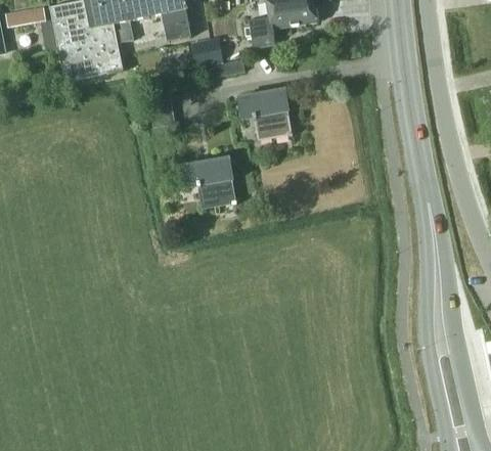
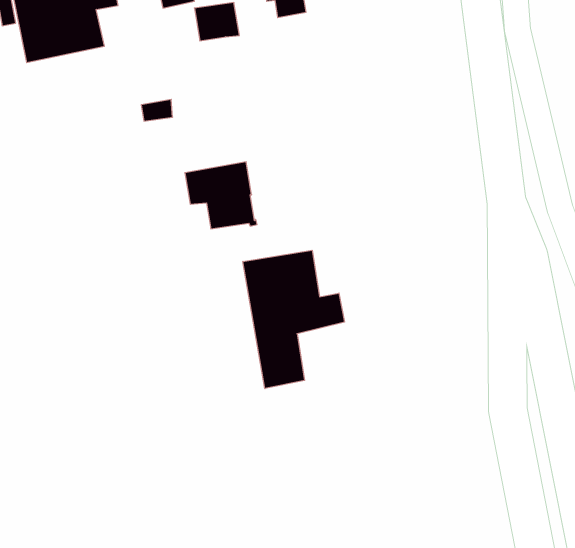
building: [238,87,293,137] -> none
building: none -> [243,250,344,389]

